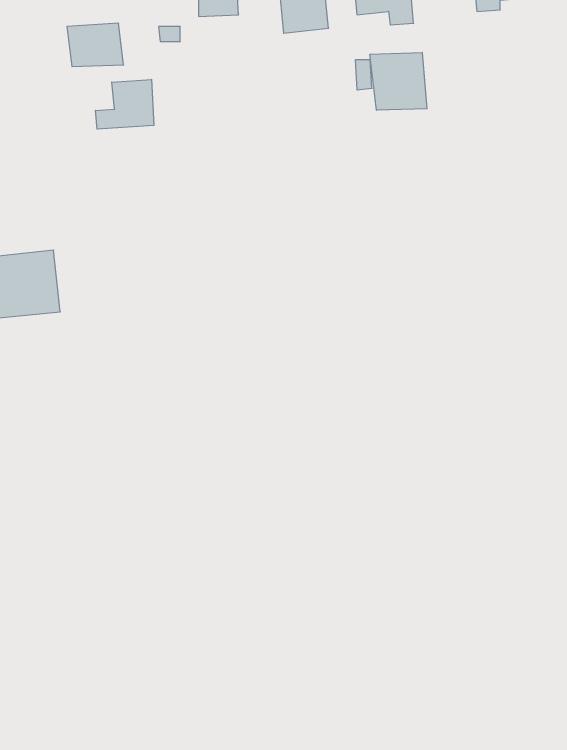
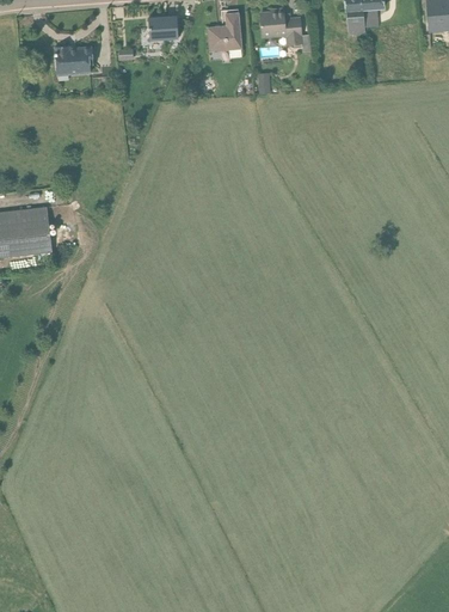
building: [370,52,427,110] -> none
building: [96,79,154,129] -> none

